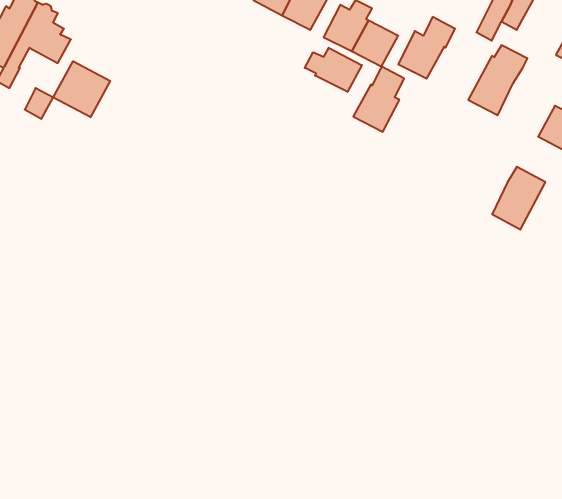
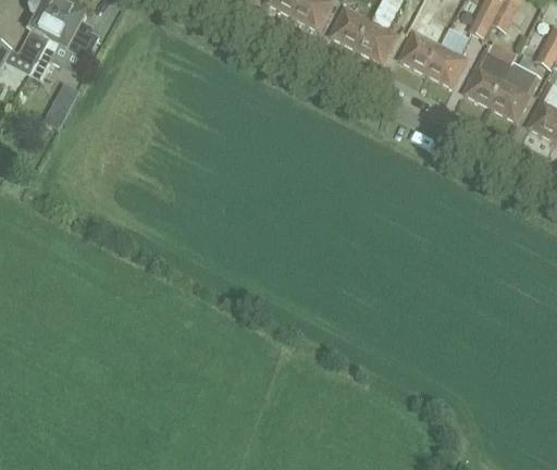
building: [305,48,362,92] -> none
building: [53,61,110,117] -> none
building: [353,67,404,132] -> [423,27,470,87]
building: [492,167,545,230] -> [488,63,537,121]

